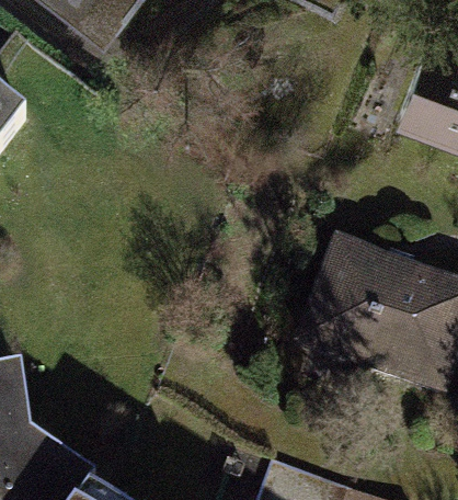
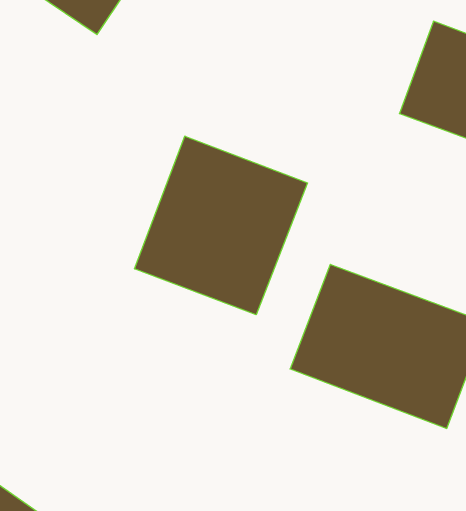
building: none -> [135,136,308,315]

